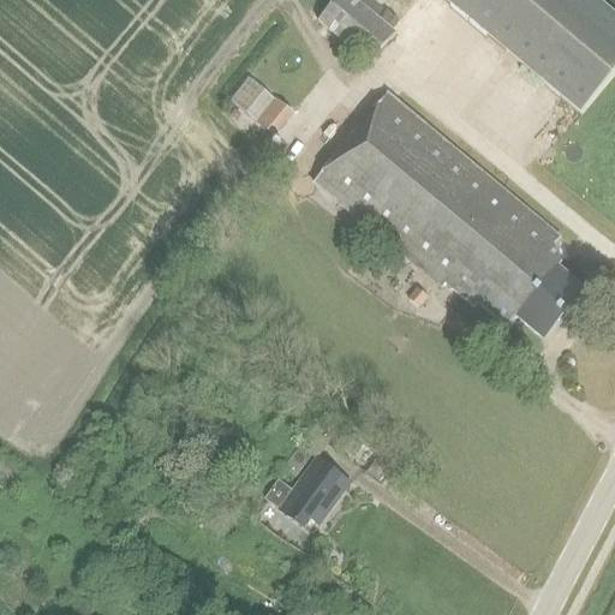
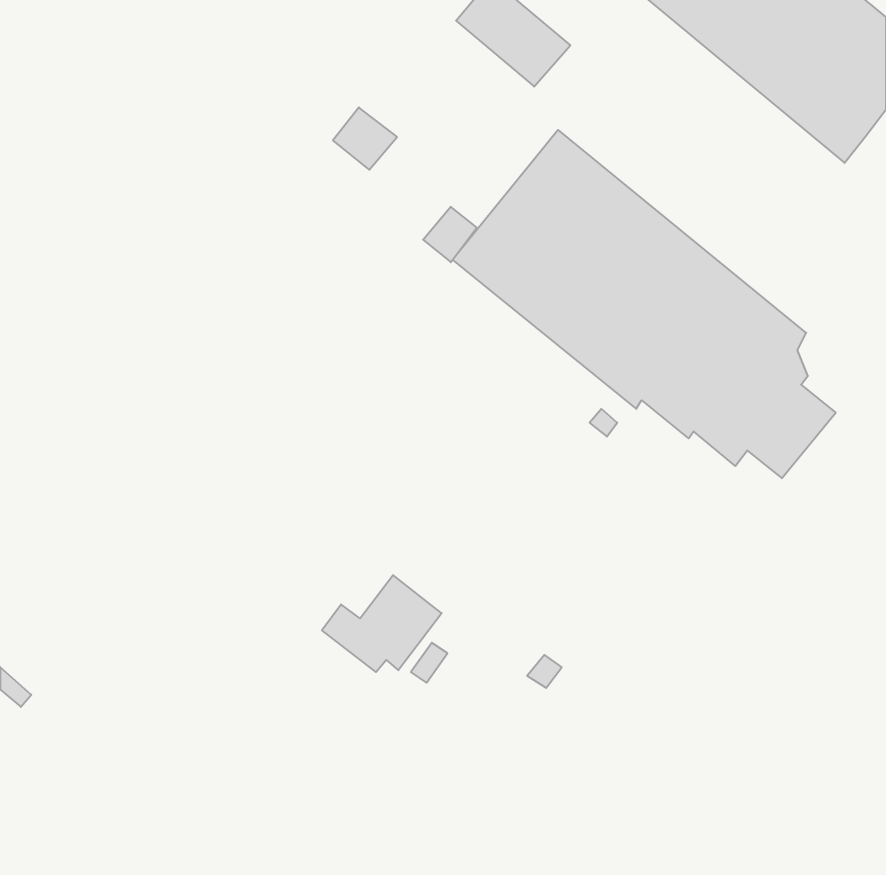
building: [256,95,293,133] -> [423,207,477,262]
building: [265,456,348,524] -> [322,575,442,672]

